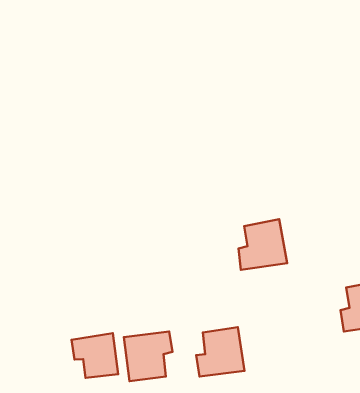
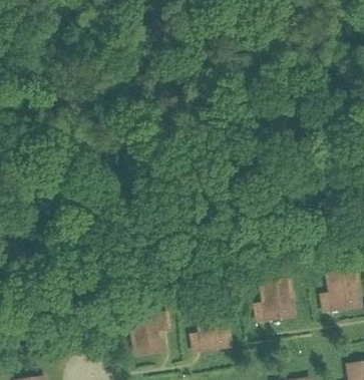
building: [239,219,287,270] -> [253,279,296,324]
building: [72,333,118,378] -> none

